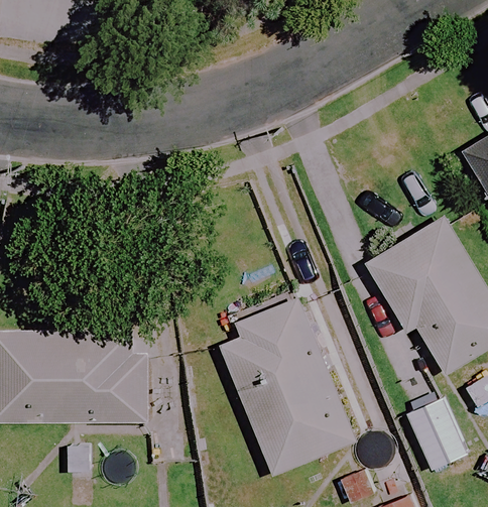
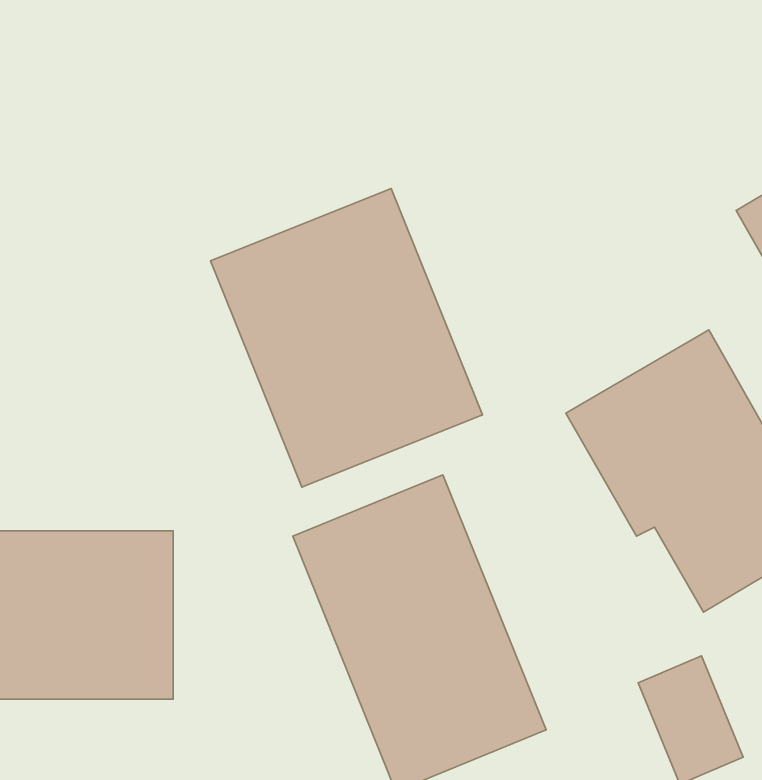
building: none -> [211,189,483,487]

